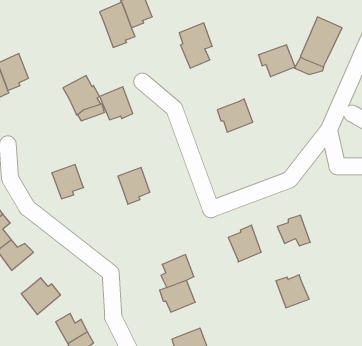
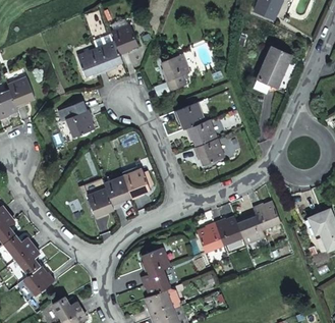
building: [258,45,295,77] -> [176,100,207,126]
building: [100,87,133,120] -> [74,51,102,78]
building: none -> [194,136,225,163]
building: none -> [125,166,152,196]
building: [52,164,84,199] -> [89,186,115,215]
building: none -> [255,202,282,235]
building: none -> [17,244,42,275]
building: [276,275,309,308] -> [217,216,244,244]
building: none -> [146,285,182,316]

